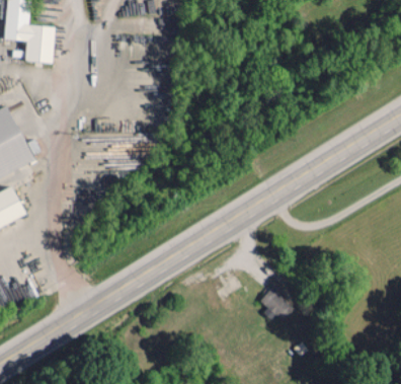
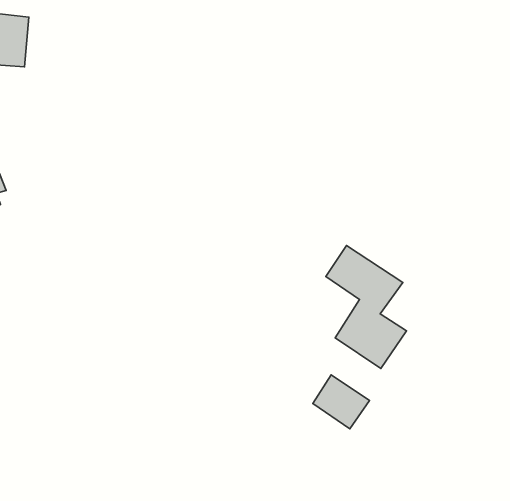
building: none -> [326,245,406,368]

